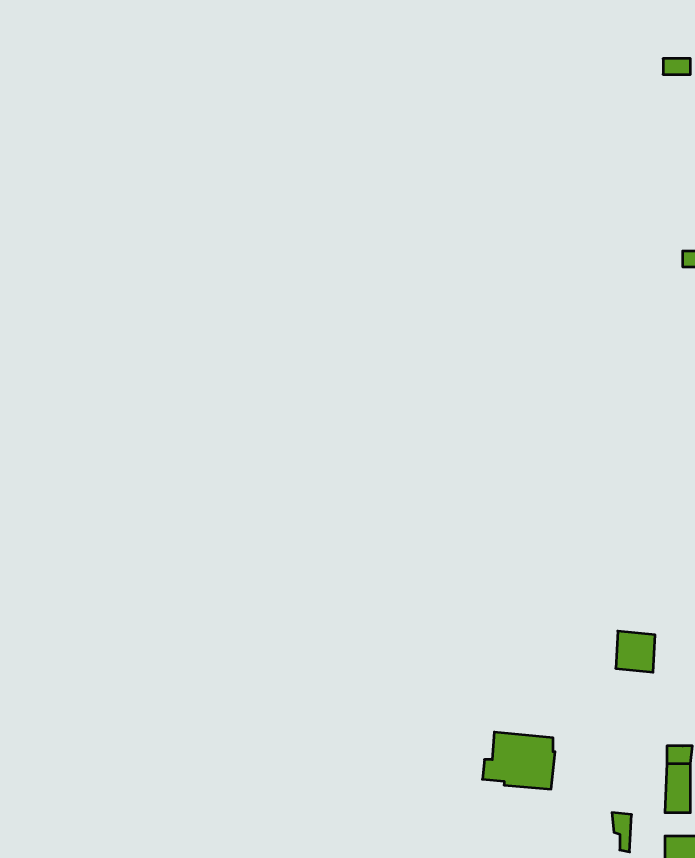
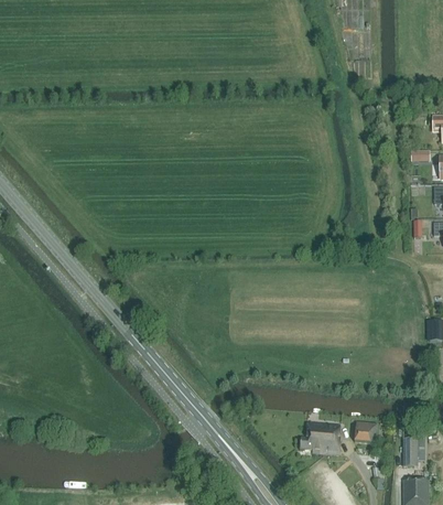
building: [616,631,655,672] -> [355,420,377,443]

